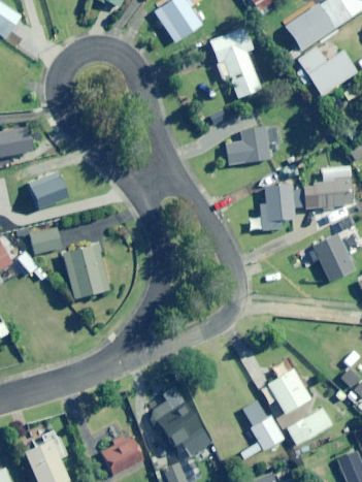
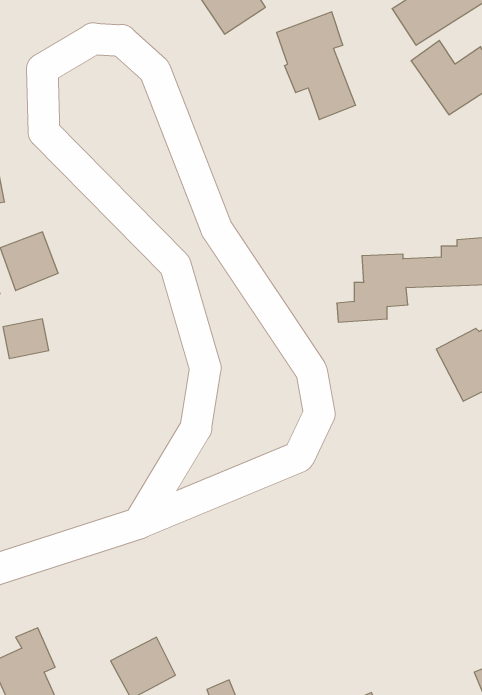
building: [227,127,283,164] -> none
building: [62,245,109,298] -> none
building: [268,363,311,414] -> none
building: [150,400,210,456] -> none
building: [245,408,284,450] -> none
building: [287,409,332,446] -> none

